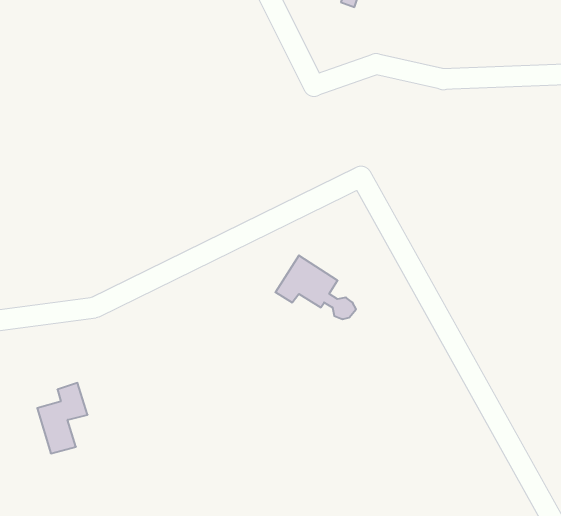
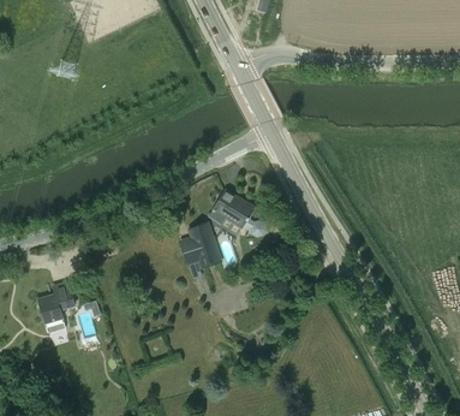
building: none -> [177,220,219,271]

